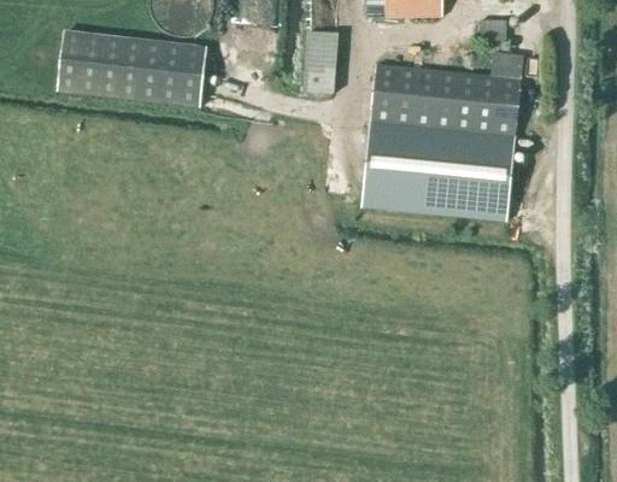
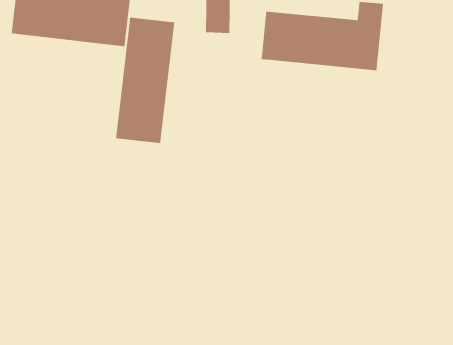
building: none -> [116,17,175,144]
building: [363,123,516,219] -> none

